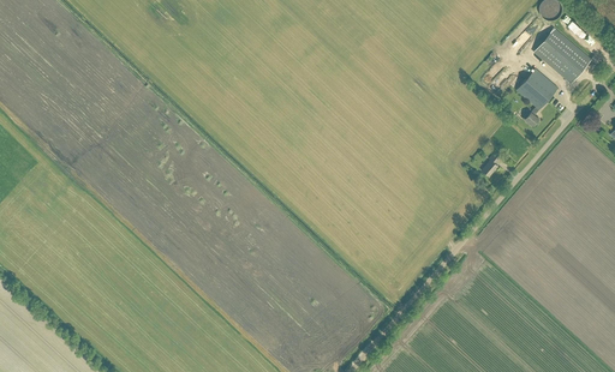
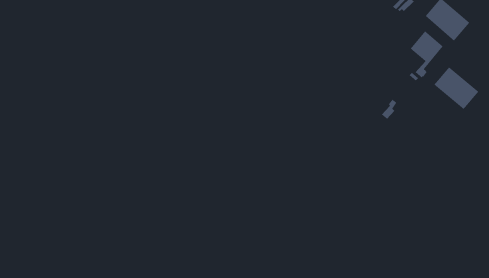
building: none -> [433,67,479,110]

